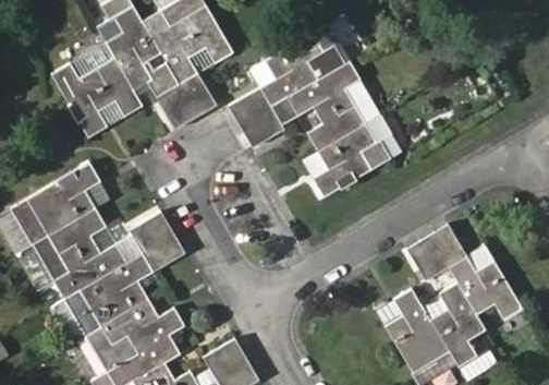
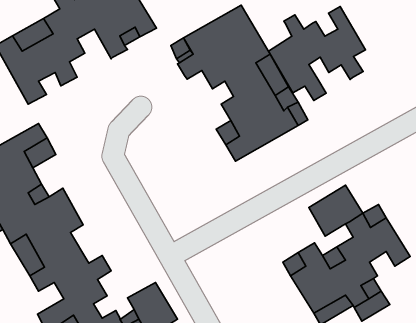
building: none -> [268,6,365,101]
building: [158,74,218,130] -> none
building: [228,91,281,149] -> none
building: [127,212,183,273] -> none

